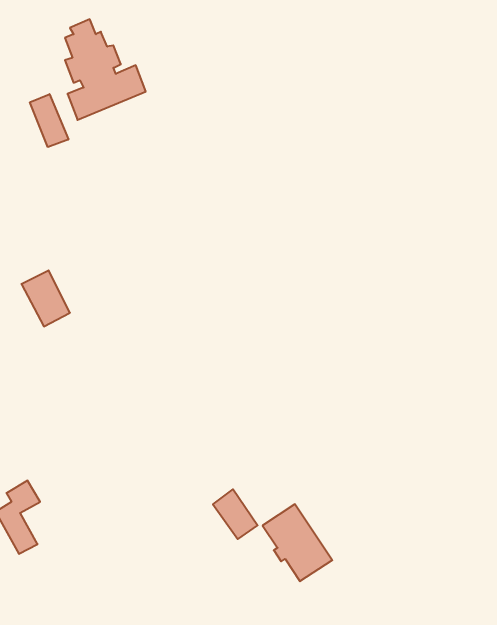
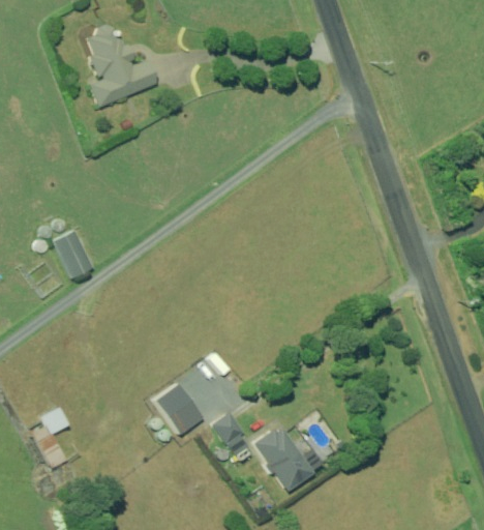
building: [30,94,68,147] -> none
building: none -> [156,384,204,434]

